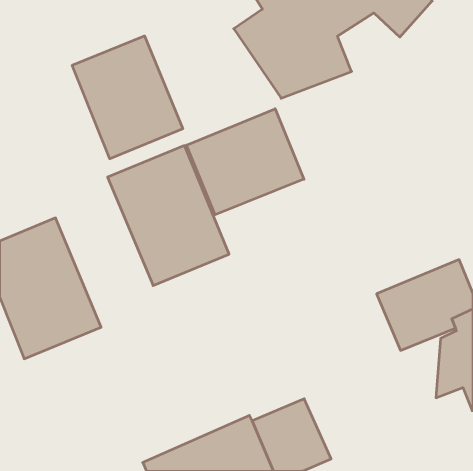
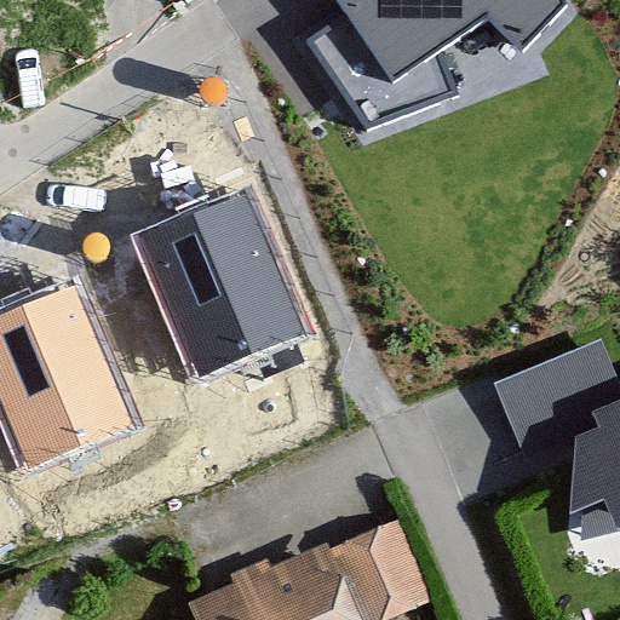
building: [72,36,183,159] -> none
building: [187,109,304,215] -> none

